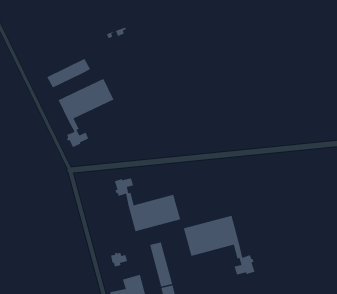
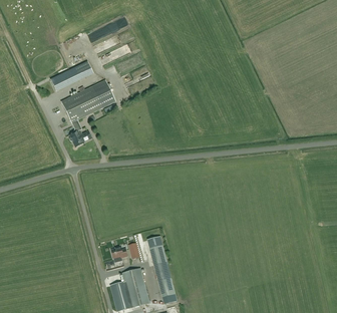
building: [114,178,181,232] -> none
building: [183,215,255,276] -> none

